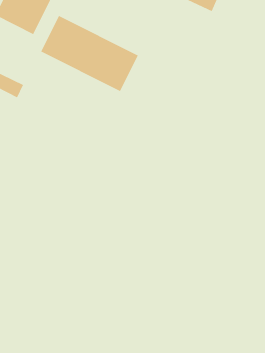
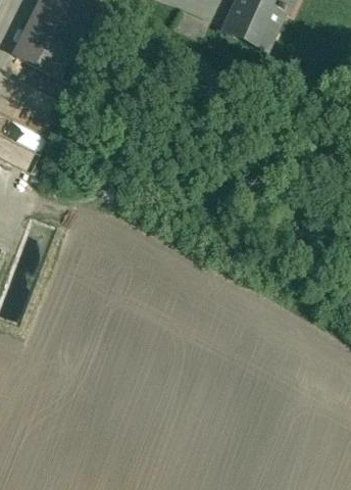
building: [40,15,139,92] -> none

